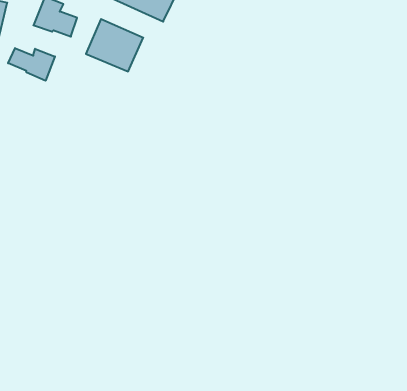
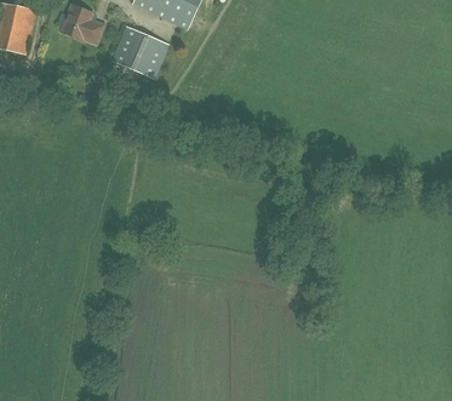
building: [8,48,55,81] -> none

